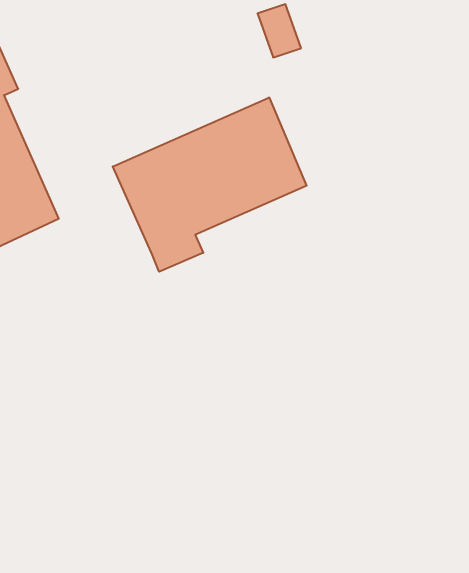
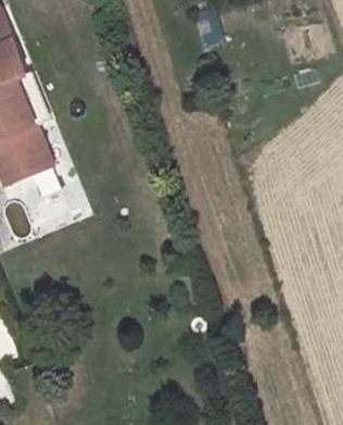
building: [113,97,307,272] -> none

